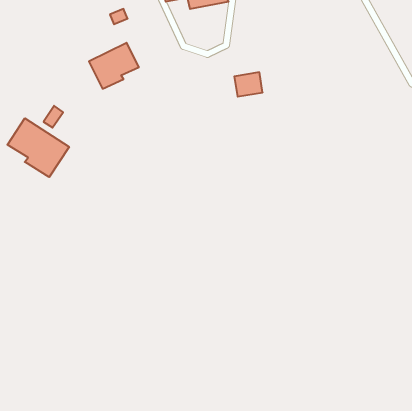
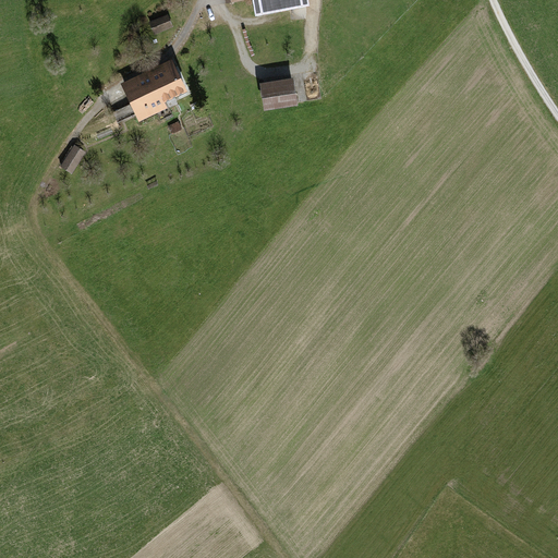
building: [234,72,263,97] -> [259,76,298,109]
building: [7,118,69,177] -> none

